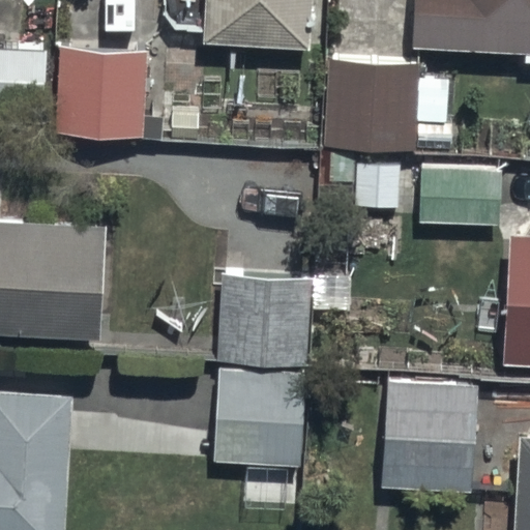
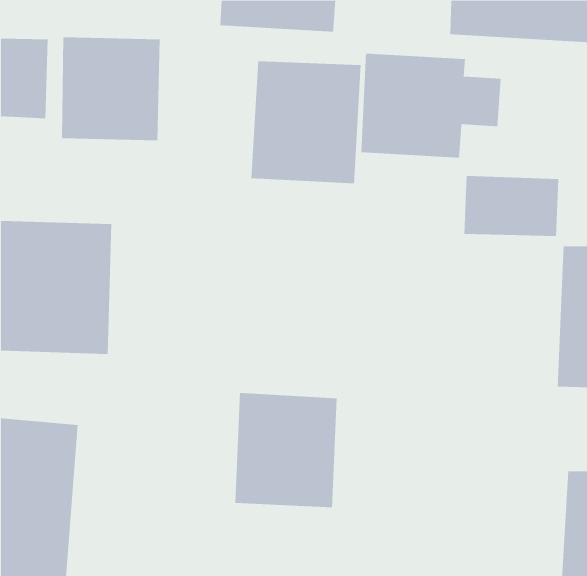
building: none -> [251,60,361,184]
building: [217,272,310,370] -> none
building: [384,384,477,494] -> none

